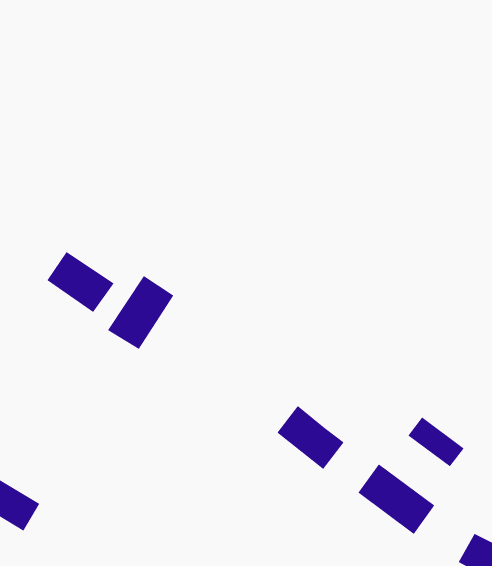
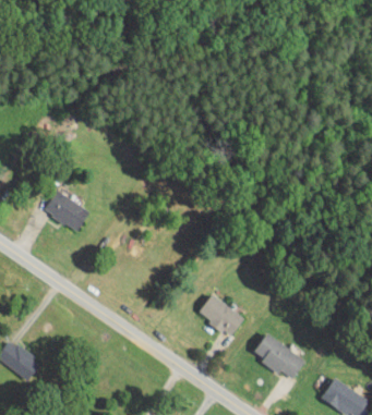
building: [107,275,174,350] -> none
building: [408,417,464,467] -> none

